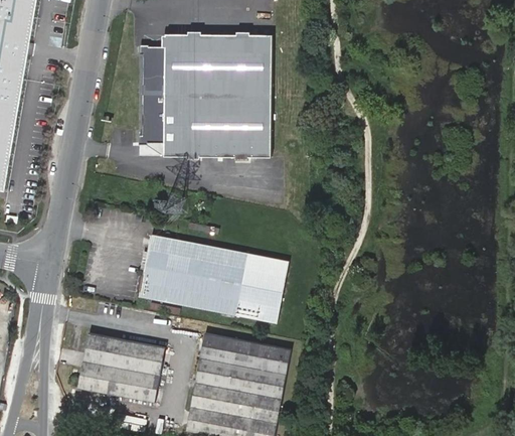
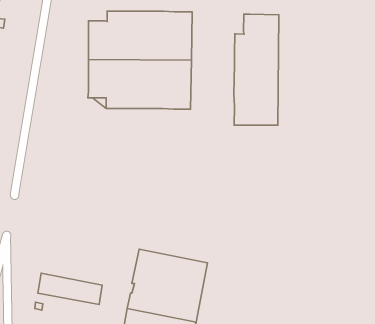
building: none -> [234,14,279,125]
building: [139,228,290,324] -> none
building: [82,333,165,379] -> none

